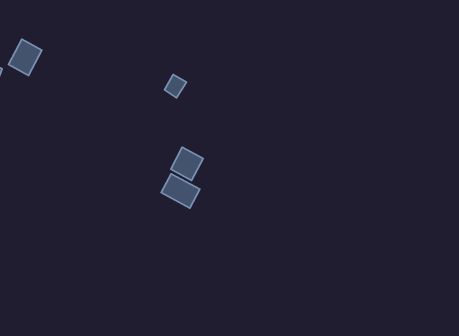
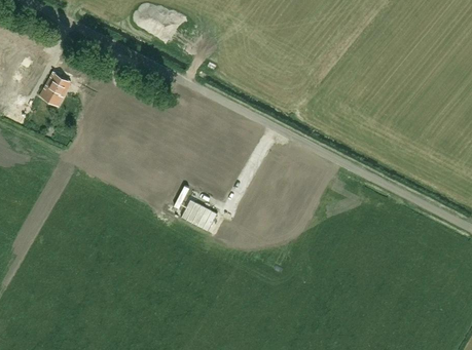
building: [171,147,203,181] -> none

